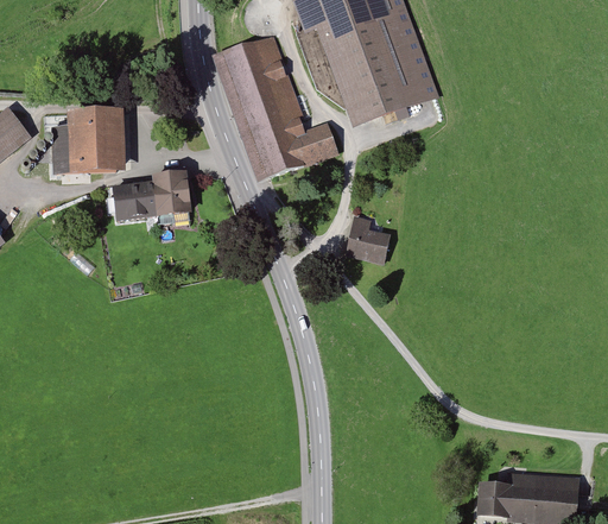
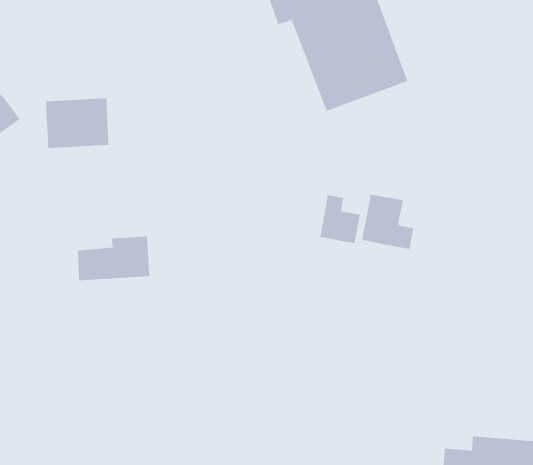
building: [221,38,336,176] -> none
building: [114,172,191,220] -> [77,236,150,281]
building: none -> [362,194,414,250]

